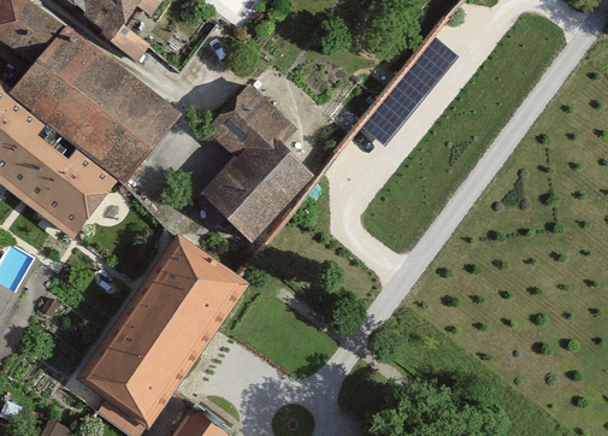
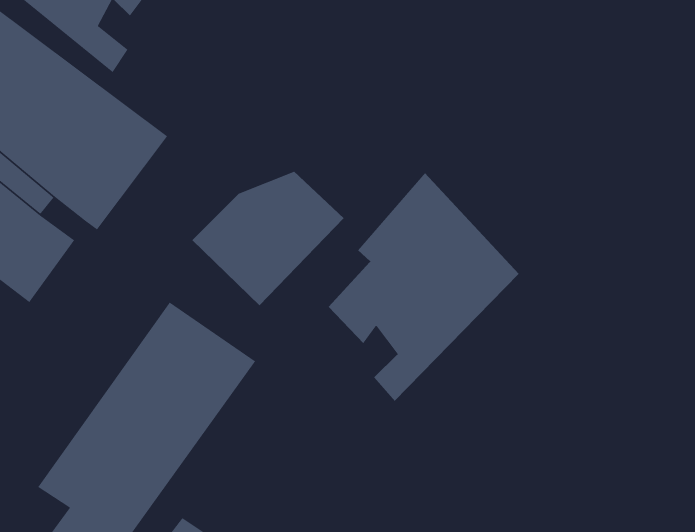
building: [207,82,288,154] -> none
building: none -> [328,172,520,402]

